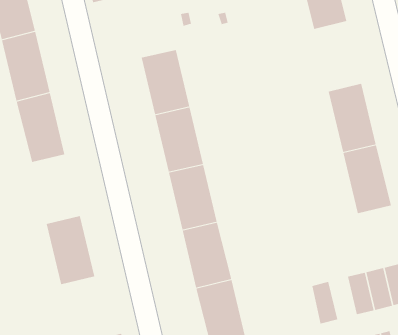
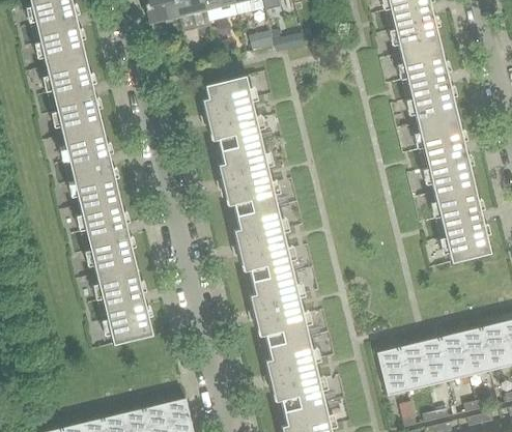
building: none -> [401,45,456,124]
building: none -> [81,196,137,275]
building: none -> [419,335,450,383]
building: none -> [377,345,408,394]

